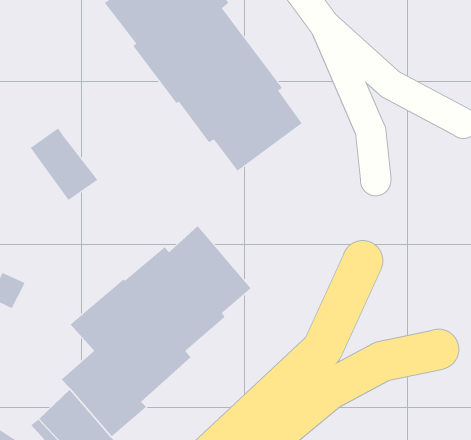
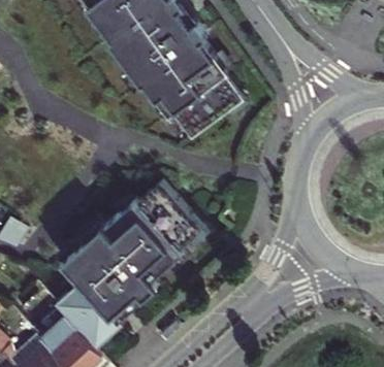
building: [30,127,98,201] -> none

